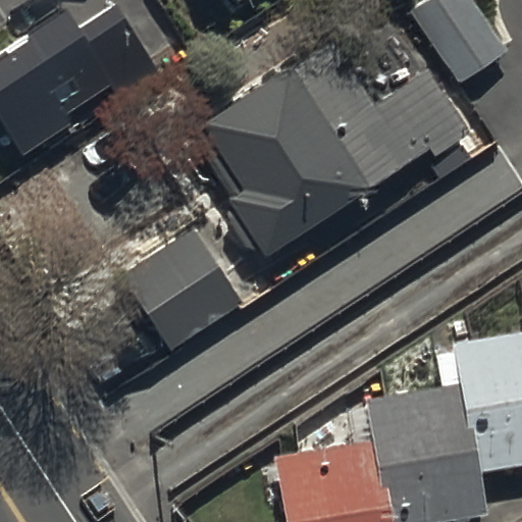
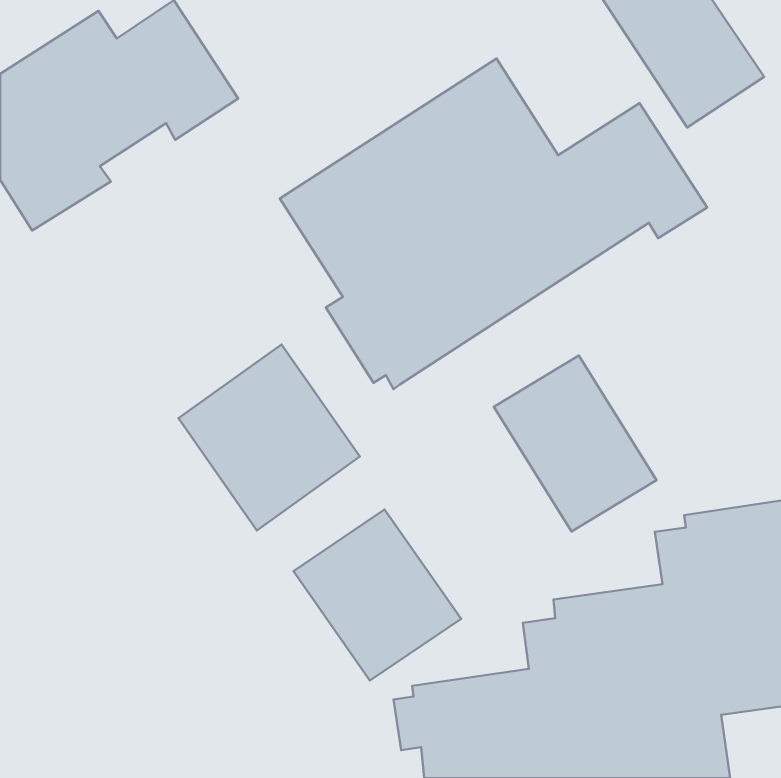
building: none -> [494,356,657,531]
building: none -> [294,509,461,681]

